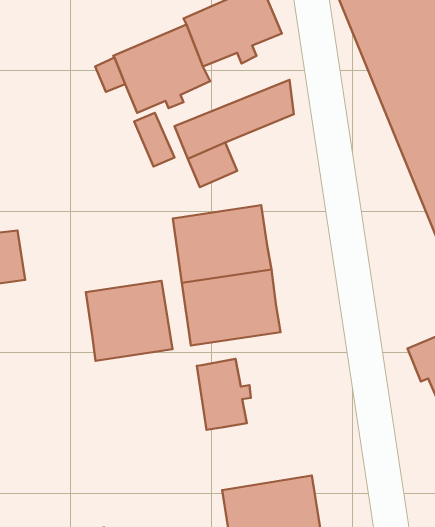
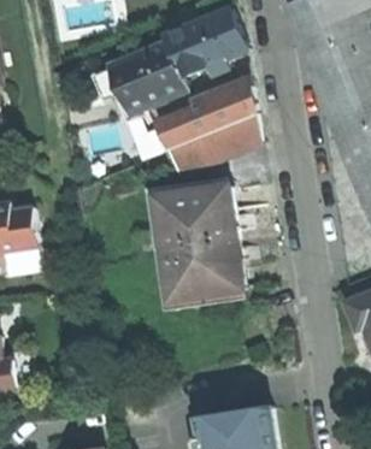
building: none -> [200,113,260,159]
building: [86,281,172,361] -> none
building: [197,359,251,430] -> none

